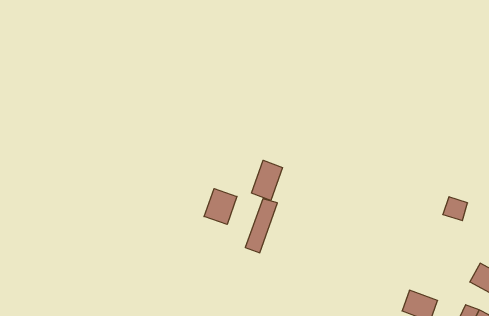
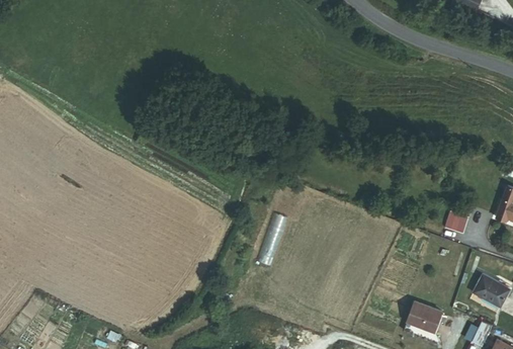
building: [251,160,283,201] -> none
building: [204,189,237,224] -> none

